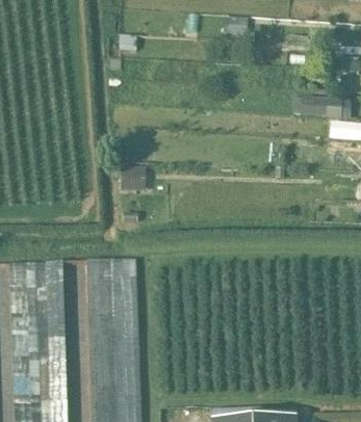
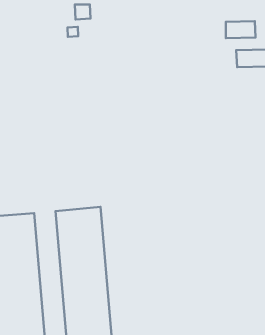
building: none -> [226,21,256,38]
building: [122,166,147,190] -> none

